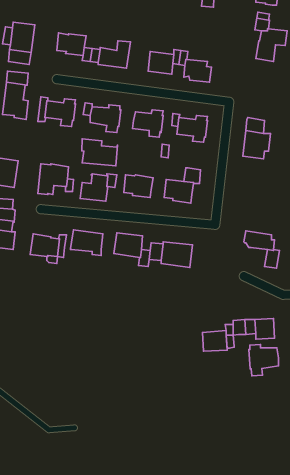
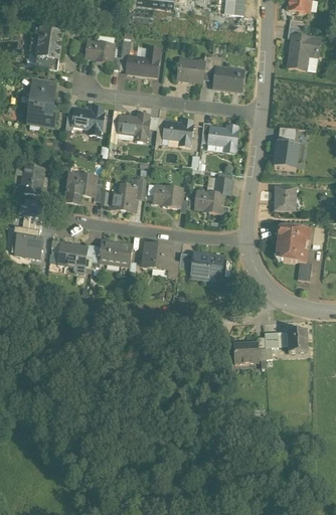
building: [82,139,117,166] -> none
building: none -> [274,186,296,208]
building: none -> [278,225,310,245]
building: [249,345,279,376] -> none

